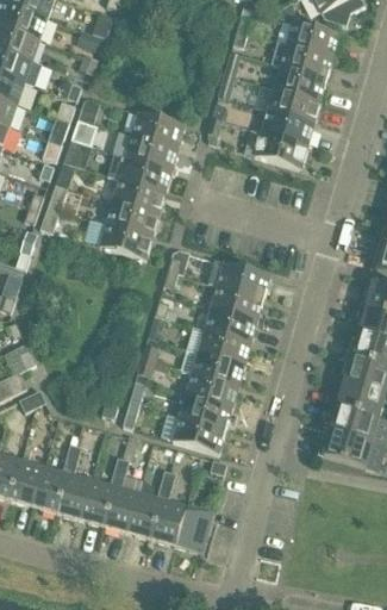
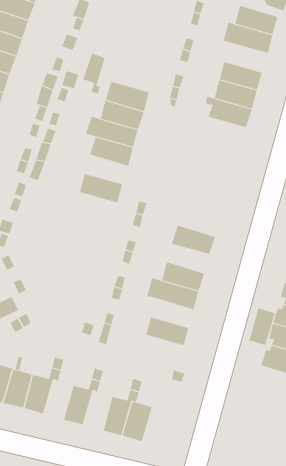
building: [274,64,327,100] -> none
building: none -> [83,53,106,94]
building: [106,199,160,235] -> none
building: [208,259,270,298] -> none
building: [205,306,257,342] -> none
building: [186,372,238,407] -> none
building: none -> [249,307,275,346]
building: [162,412,226,452] -> none
building: [57,469,93,518] -> none
building: [105,483,139,531] -> none
building: [176,503,213,552] -> none

